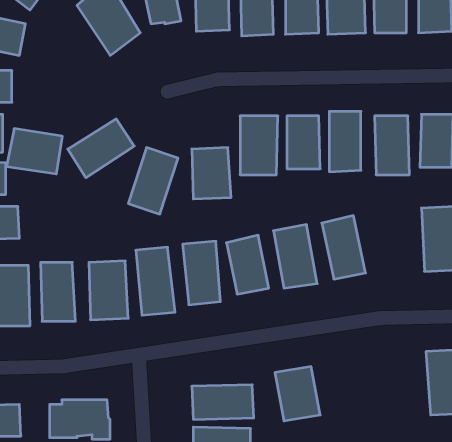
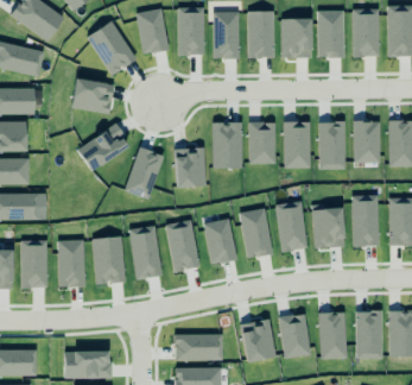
building: [7,129,62,174] -> [70,78,114,114]
building: none -> [310,203,343,251]
building: none -> [323,308,349,356]
building: none -> [281,313,312,355]

